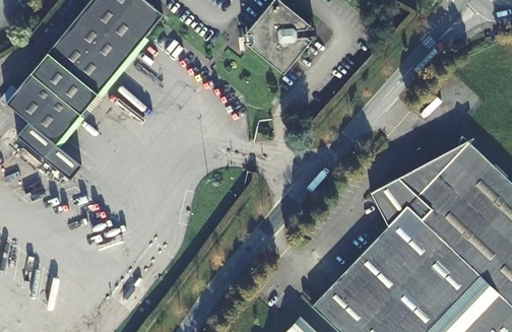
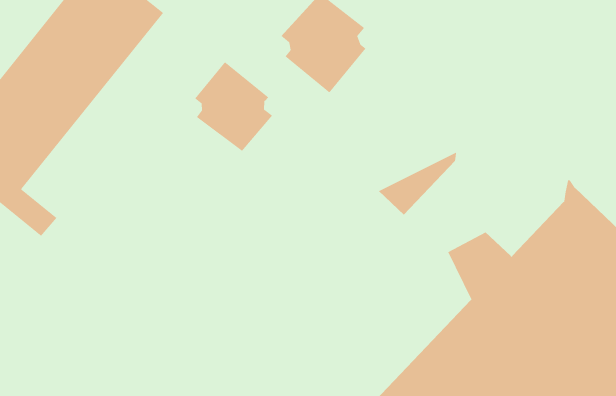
building: none -> [194,61,273,152]
building: [399,147,458,195] -> [378,151,457,215]

